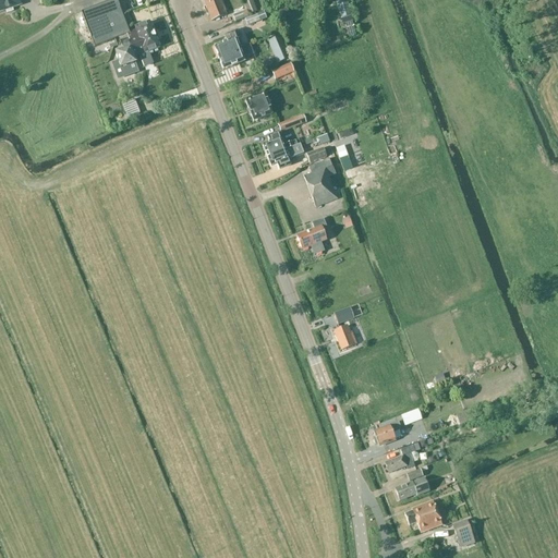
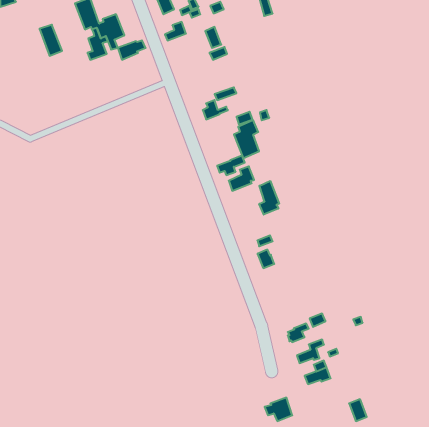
building: [82,4,111,45] -> [39,25,62,56]
building: [218,43,254,68] -> [118,40,146,60]
building: [246,90,274,119] -> none
building: [268,142,304,167] -> [217,156,245,175]
building: none -> [259,181,279,215]
building: [405,500,441,531] -> [265,398,292,421]

